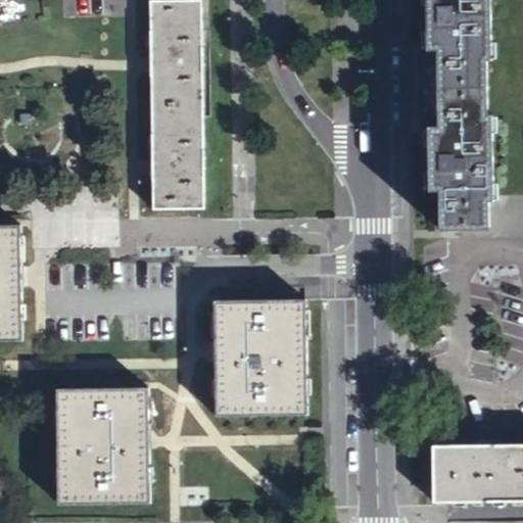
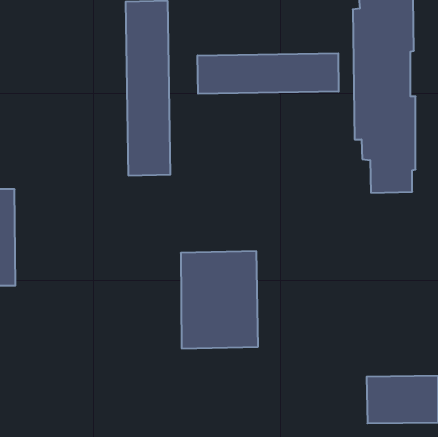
building: none -> [198,53,339,94]
building: [57,387,150,502] -> none

